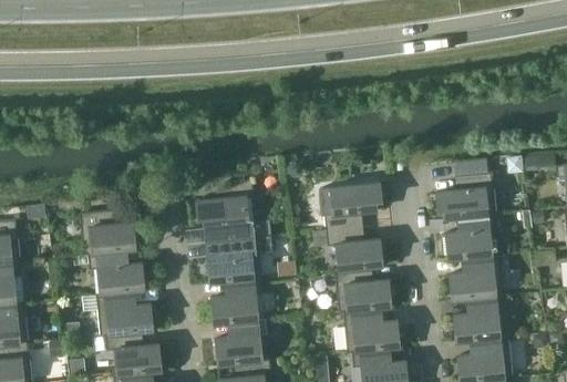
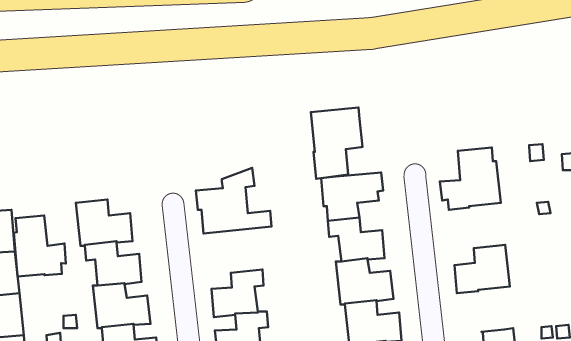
building: none -> [311,108,362,179]
building: [445,211,497,259] -> none
building: none -> [14,215,66,276]
building: [204,235,272,282] -> none
building: [453,293,505,341] -> none

